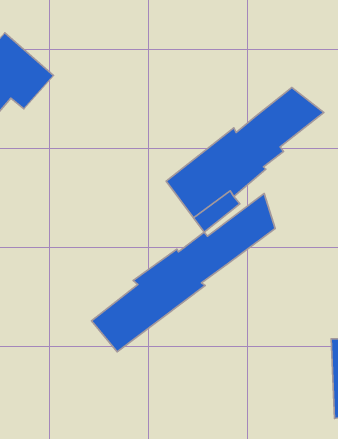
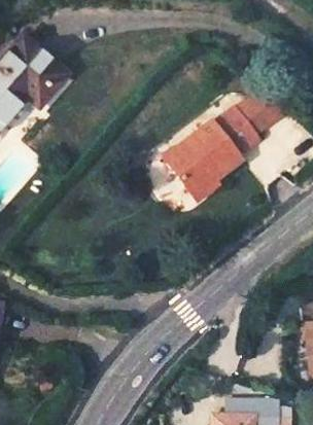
building: [92,193,275,352] -> none

